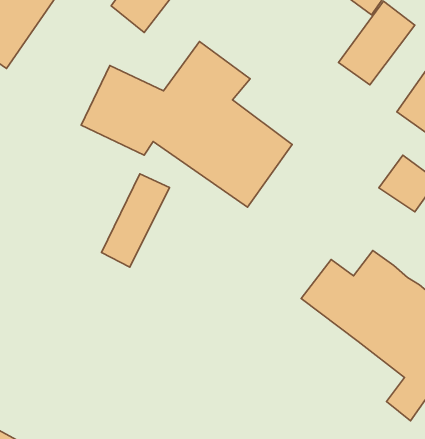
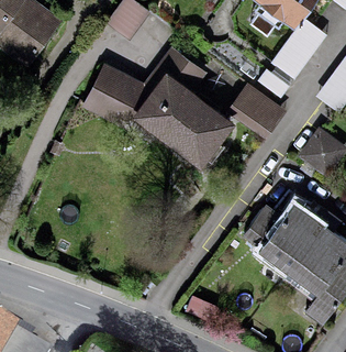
building: none -> [224,80,279,133]
building: [102,174,169,267] -> none

